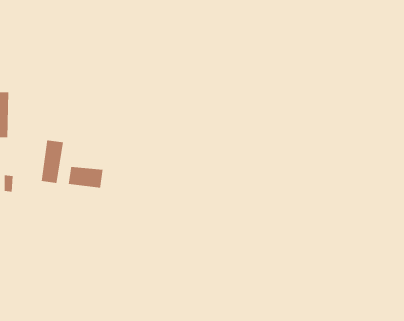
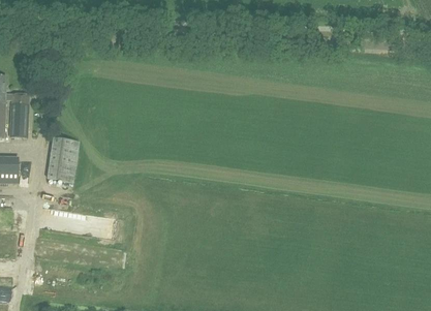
building: [68,166,103,189] -> none

